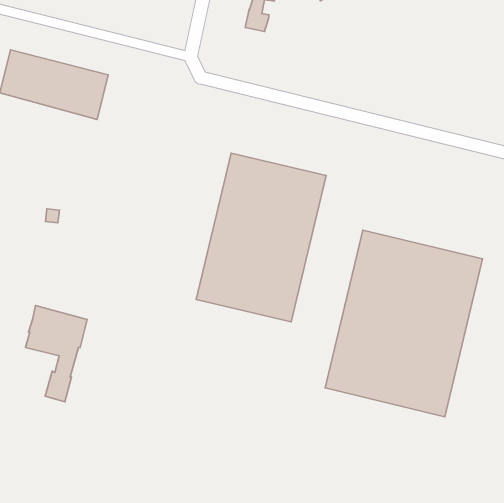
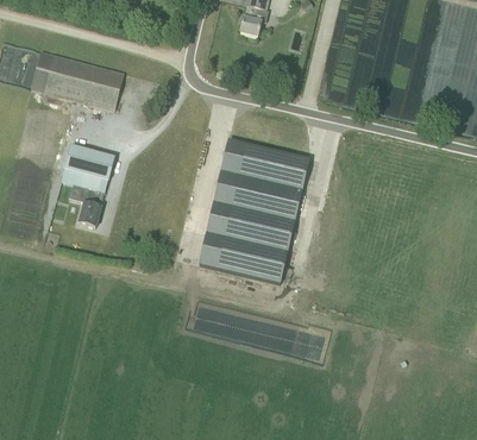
building: [325,230,483,417] -> none
building: [26,306,87,402] -> [62,145,114,227]

